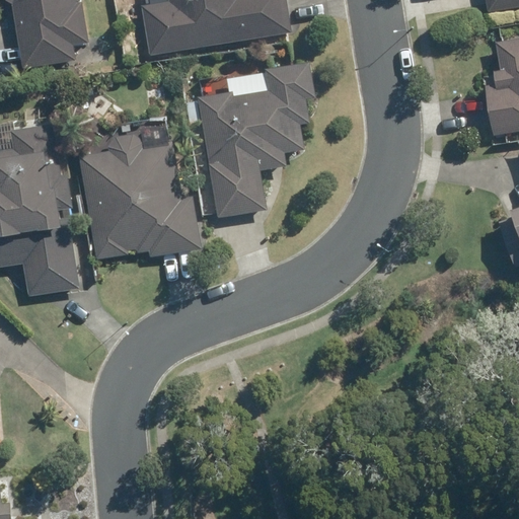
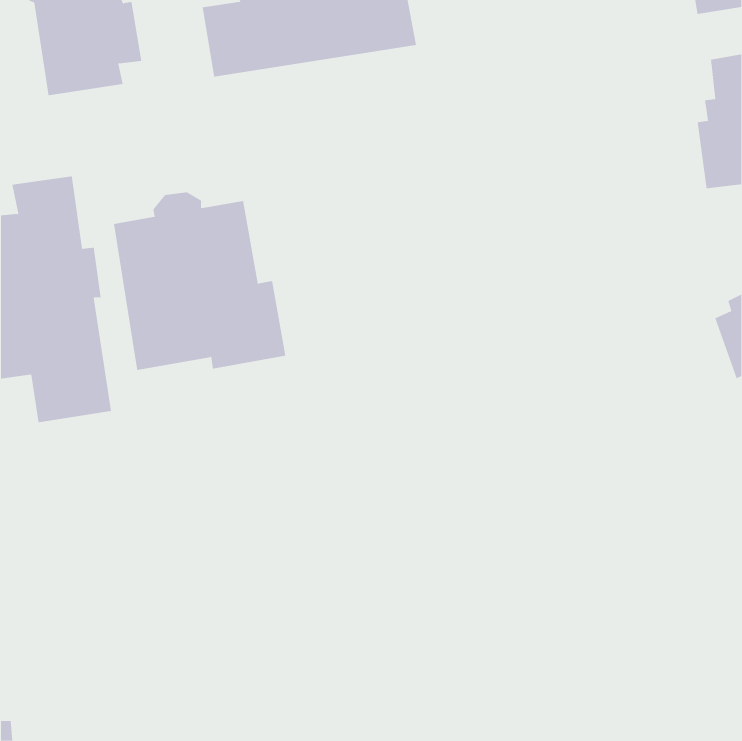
building: [184,62,312,216] -> none

